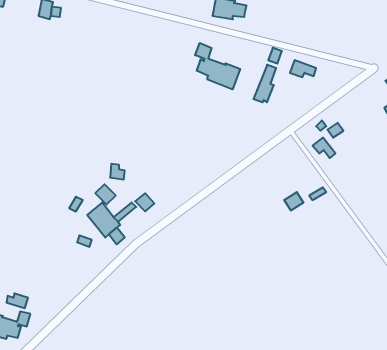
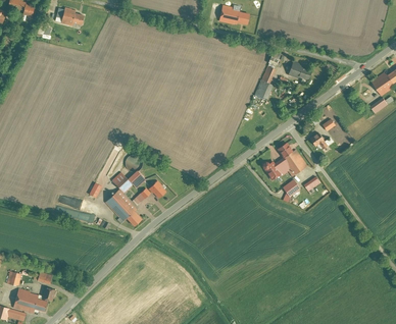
building: [195,43,240,89] -> none
building: none -> [263,143,307,180]

